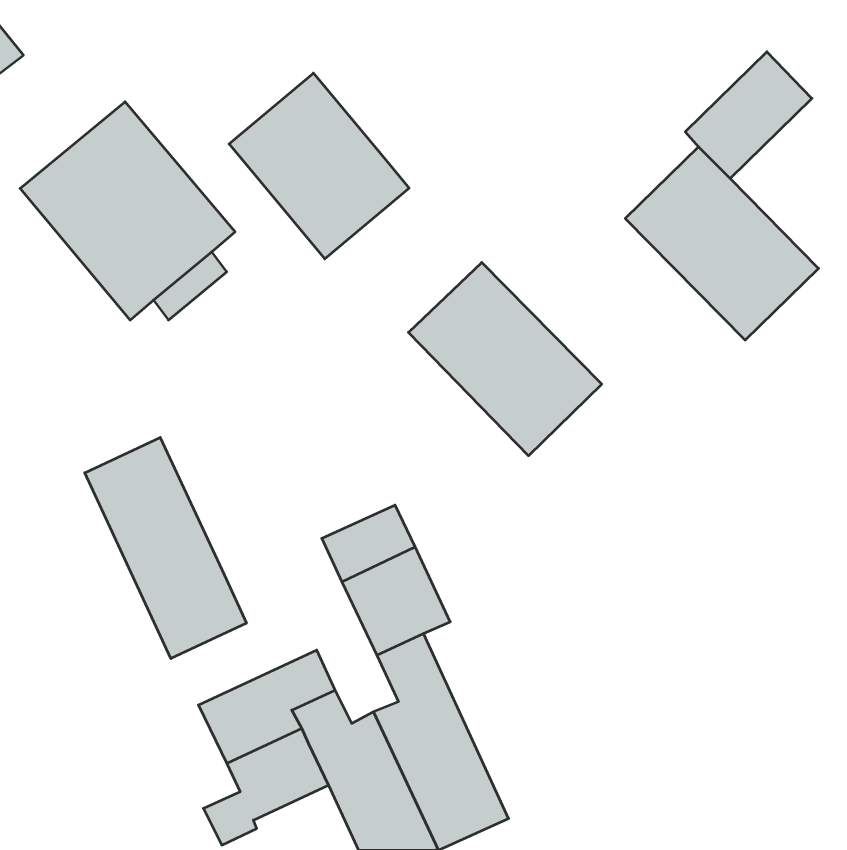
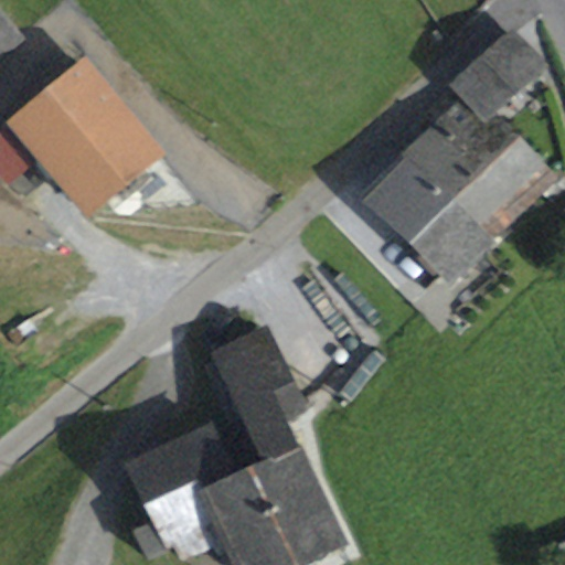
building: [229,73,409,259] -> none
building: [408,262,602,456] -> [365,145,493,273]
building: [85,437,246,659] -> none

